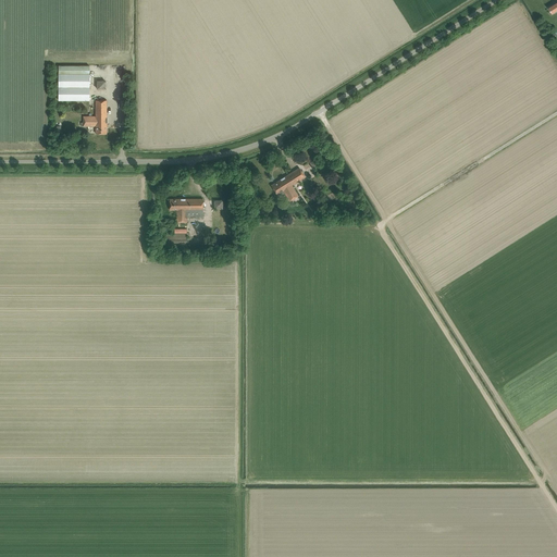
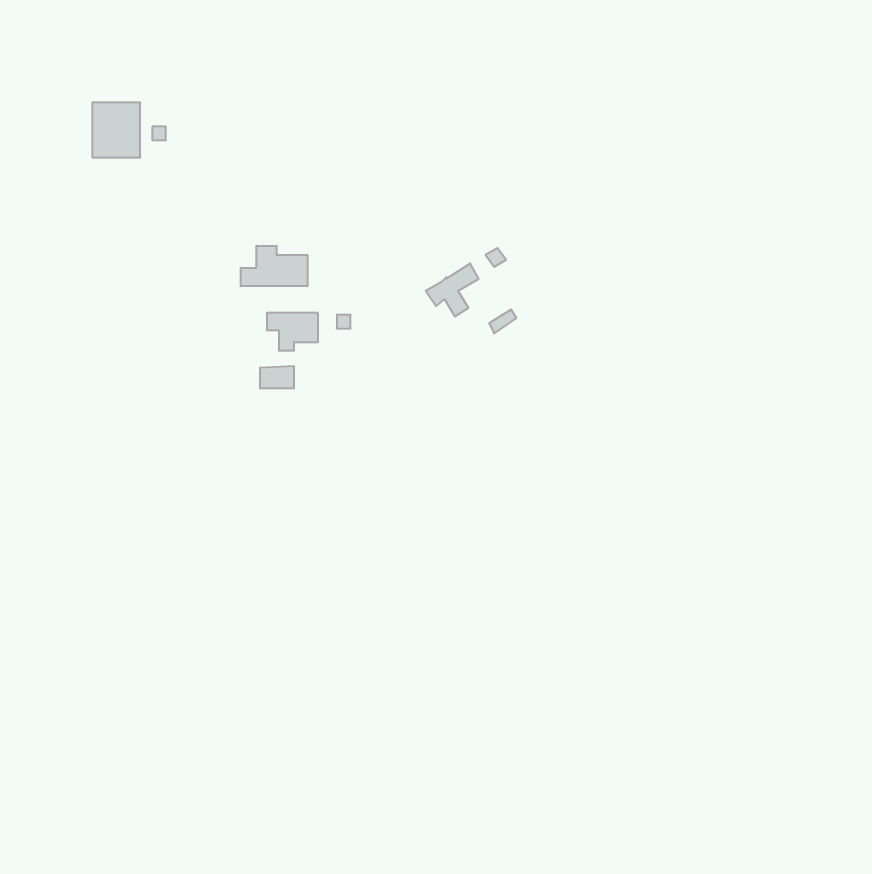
building: [85,100,108,134] -> none
building: none -> [241,246,307,286]

